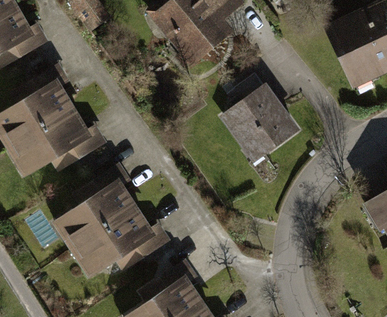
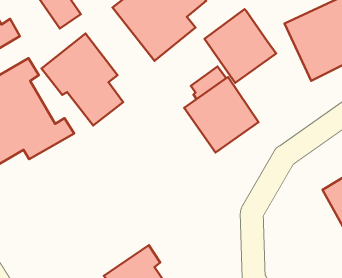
building: none -> [204,9,276,83]
building: none -> [41,34,123,126]
building: [53,160,170,280] -> none

